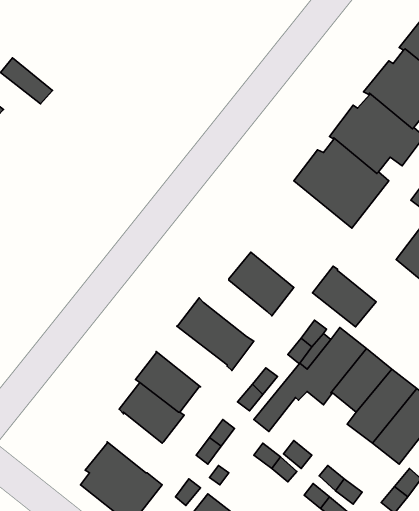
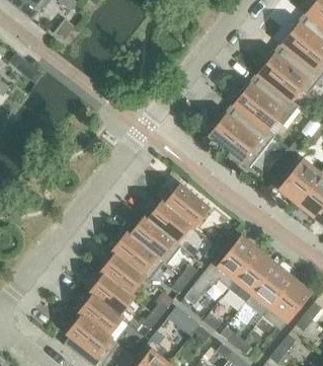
building: [312,266,376,327] -> [147,201,190,242]
building: none -> [111,232,163,281]
building: none -> [77,294,123,336]

